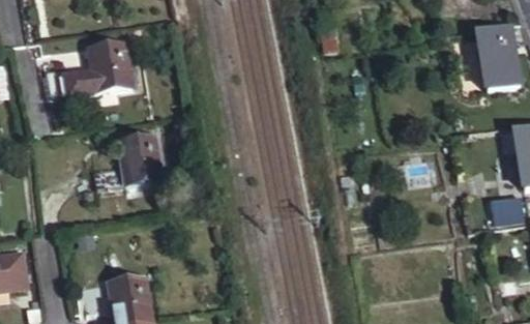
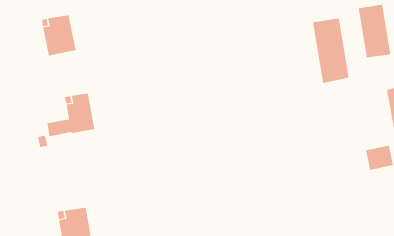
building: none -> [313,17,349,84]
building: [49,66,98,95] -> none

